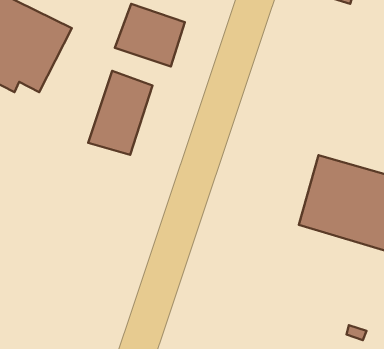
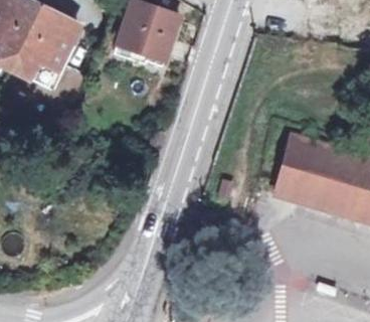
building: [88,71,152,155] -> none

